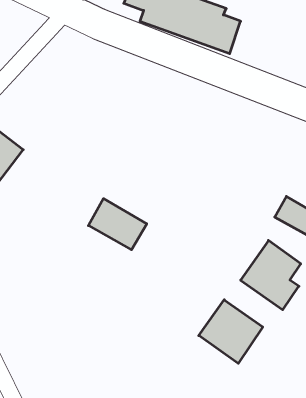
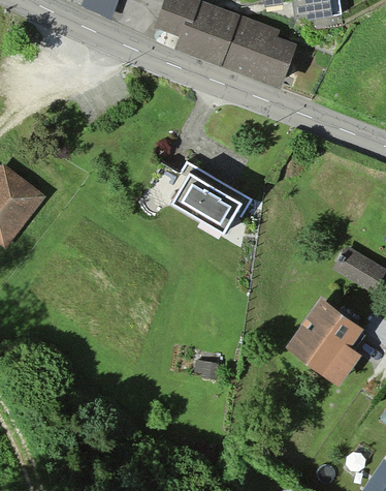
building: [88,199,147,250] -> [175,170,243,228]
building: [199,300,263,363] -> none

